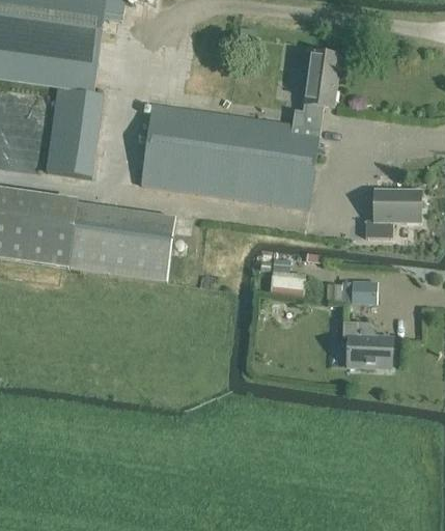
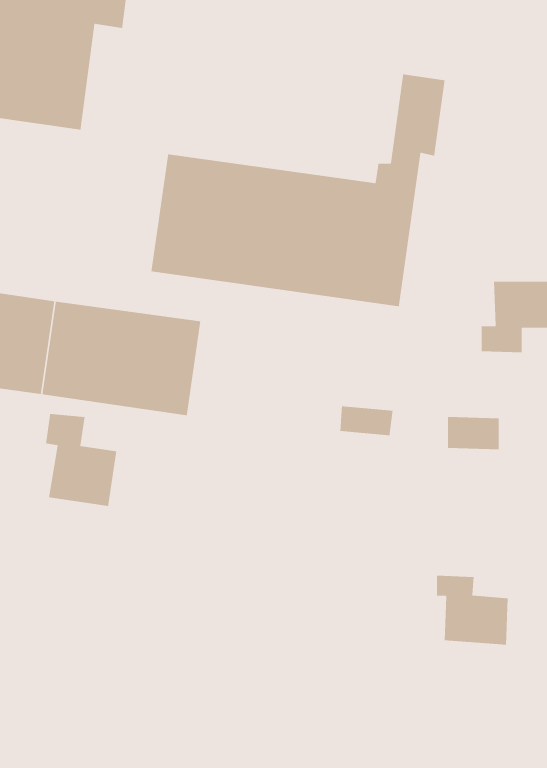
building: [45,88,103,177] -> none
building: none -> [45,413,117,507]
building: [342,322,391,369] -> [436,575,508,646]

